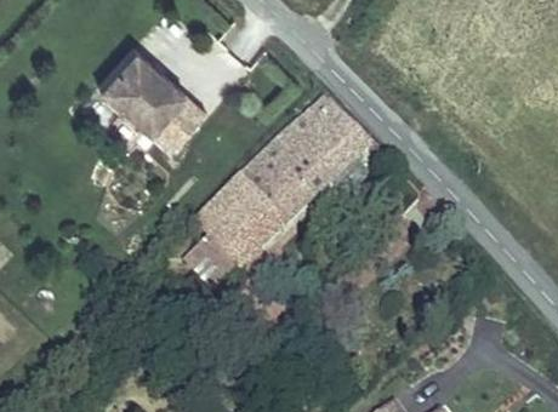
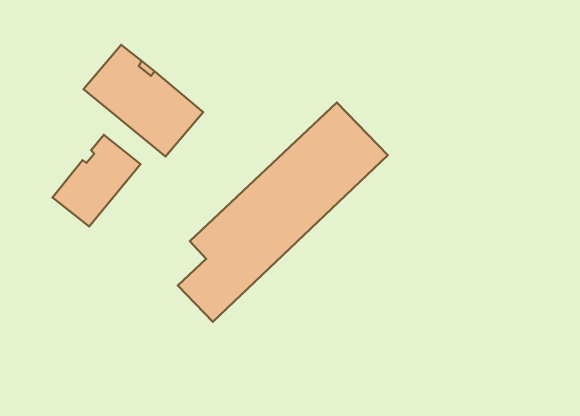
building: none -> [52,135,140,227]

